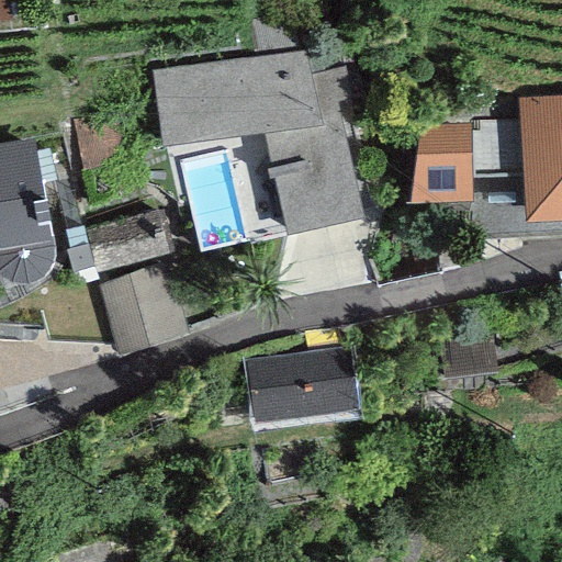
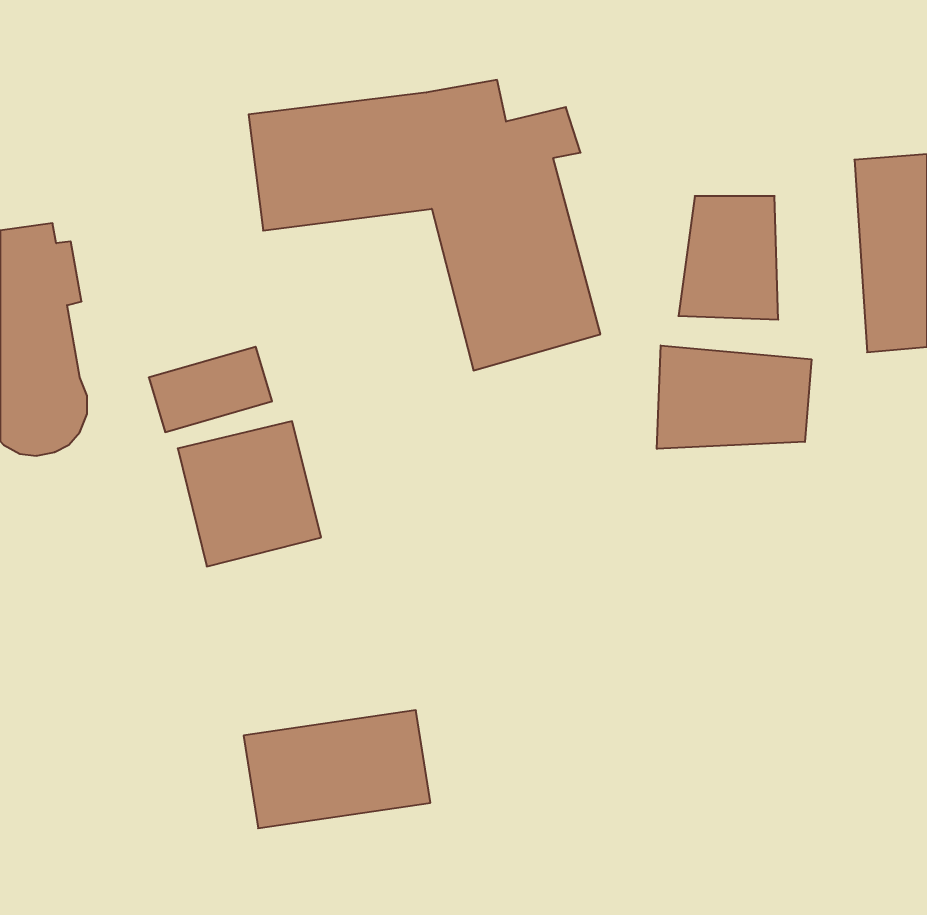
building: none -> [657,345,811,449]
building: [245,351,358,423] -> [244,710,430,828]

